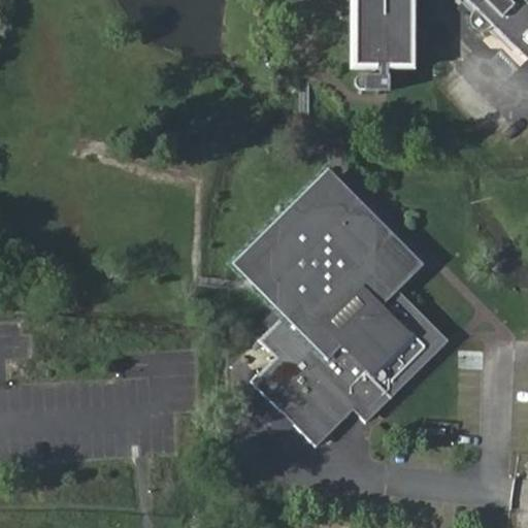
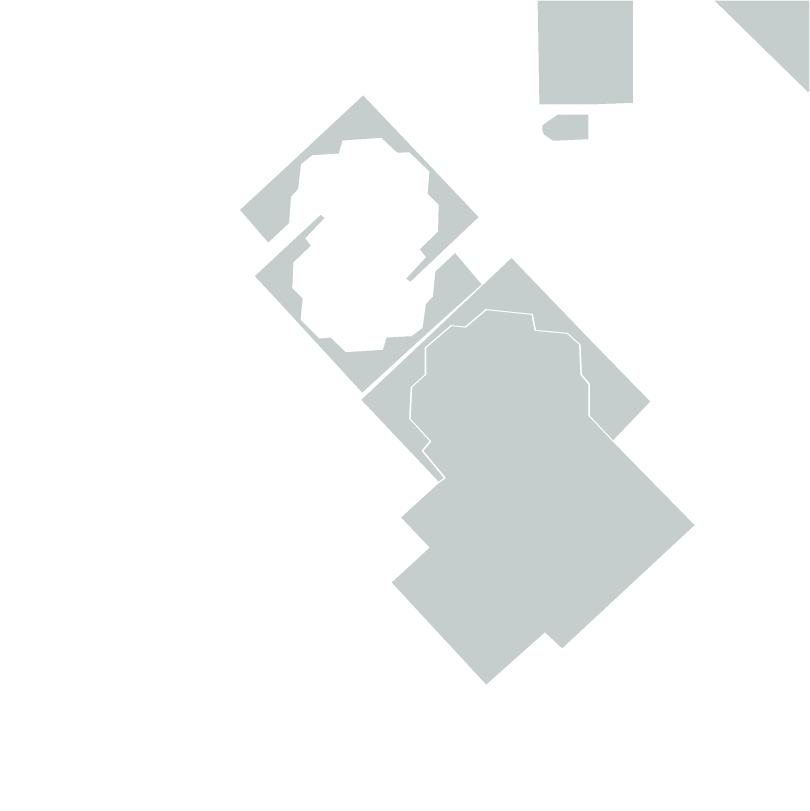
building: none -> [239,95,479,283]
building: none -> [254,214,482,393]

